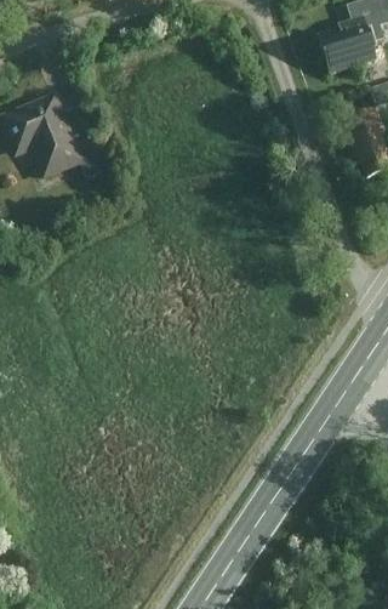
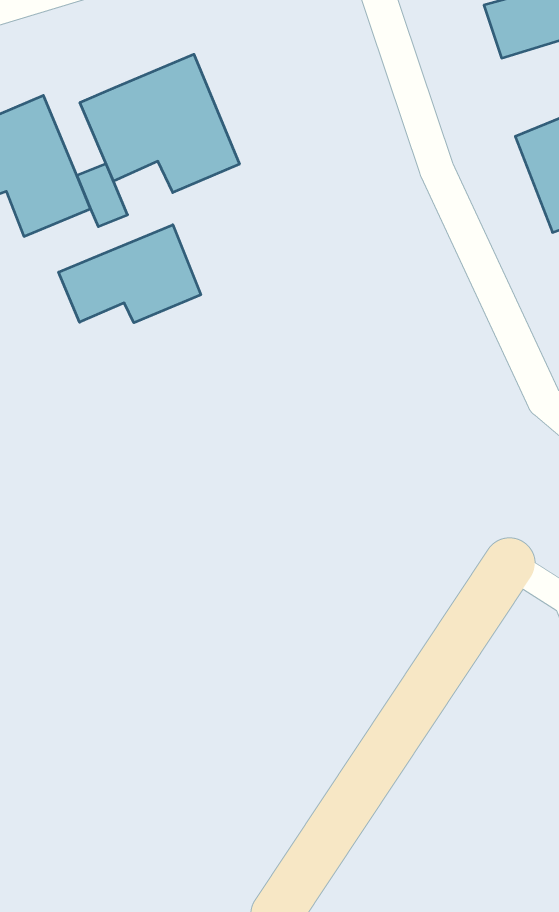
building: none -> [80,54,239,193]
building: none -> [59,225,201,323]

